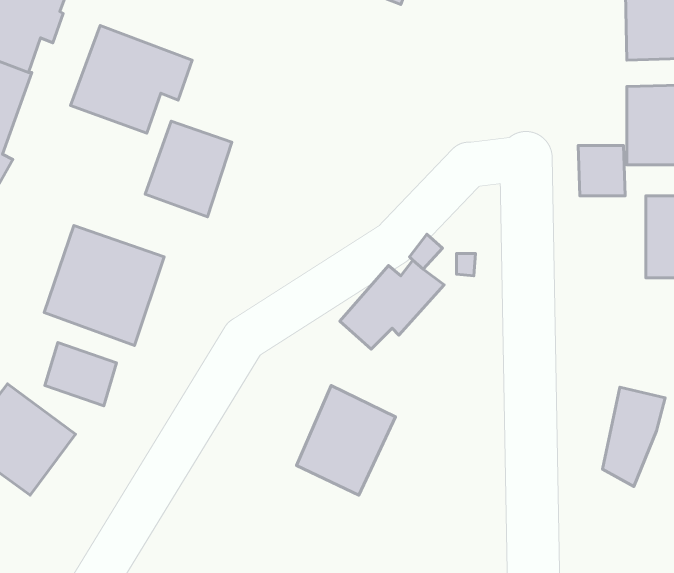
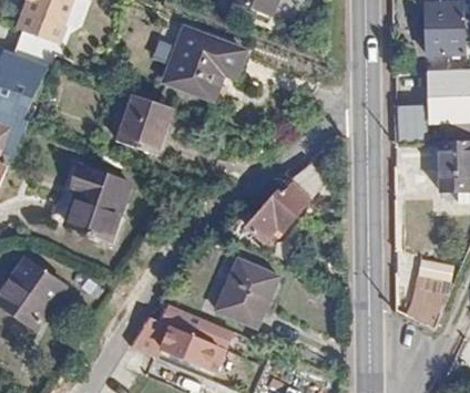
building: [70,25,192,133] -> [167,27,245,95]
building: [45,343,117,406] -> none
building: none -> [130,309,232,375]

